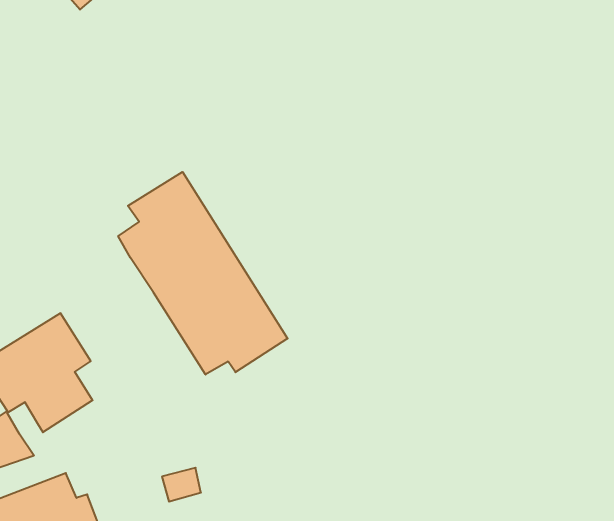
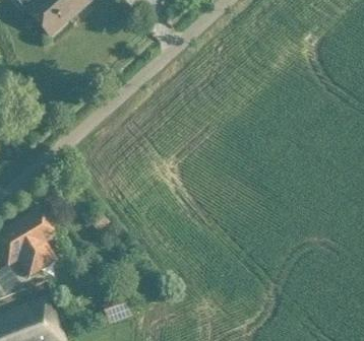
building: [118,172,288,375] -> none

